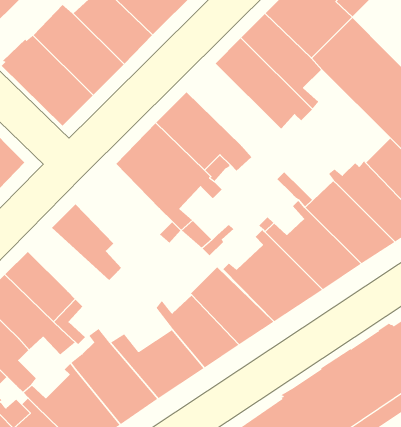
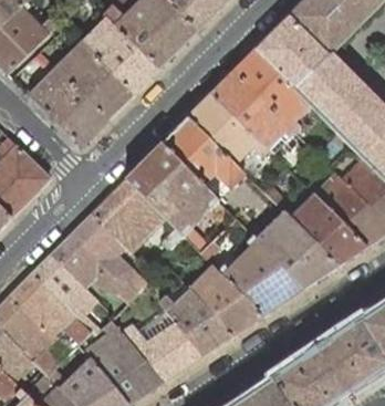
building: none -> [188,91,269,162]
building: none -> [93,177,165,250]
building: none -> [52,232,141,301]

